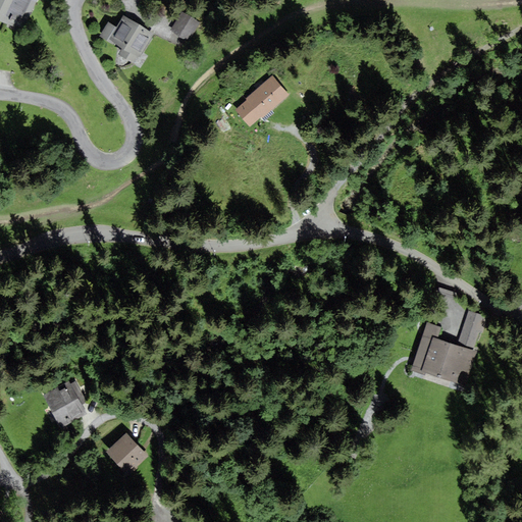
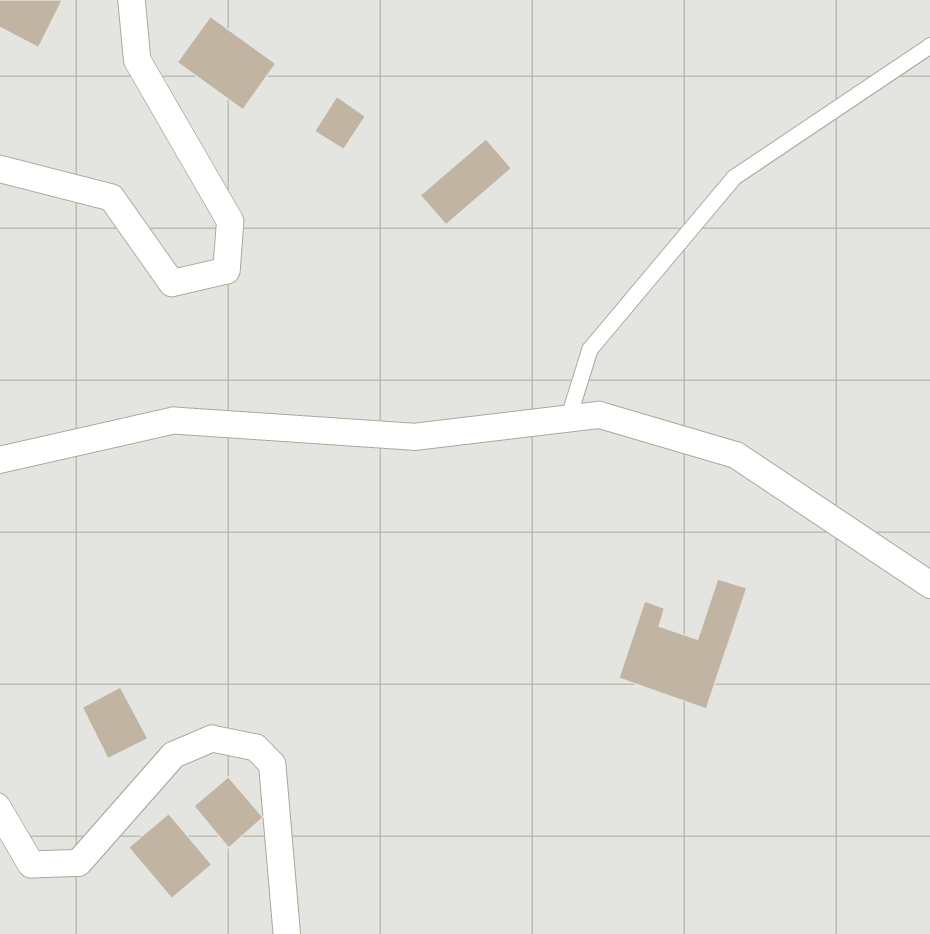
building: [169,11,198,41] -> [314,96,366,149]
building: [412,311,483,383] -> [619,579,747,709]
building: none -> [128,813,212,899]

